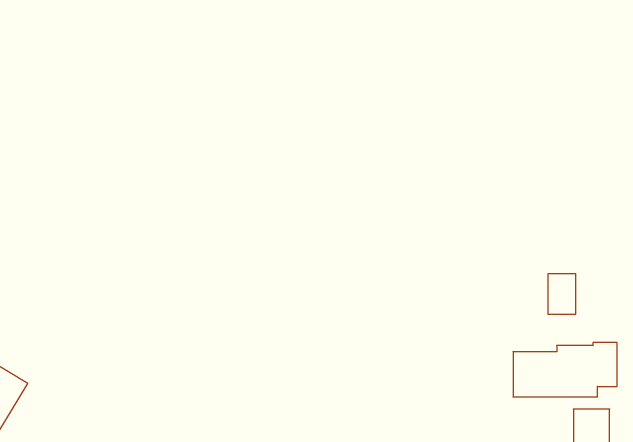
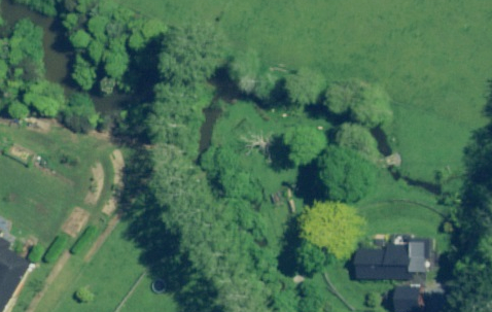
building: [548,274,576,314] -> none

